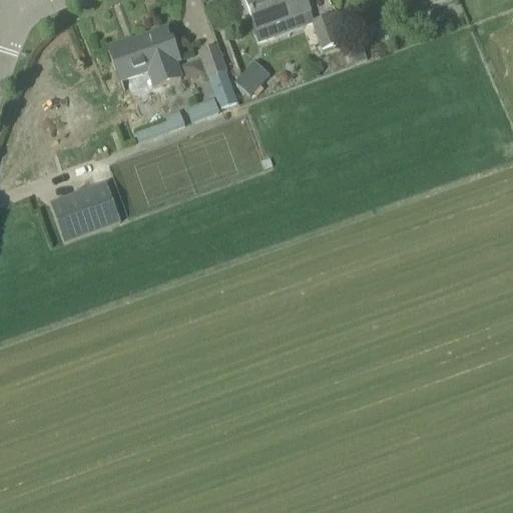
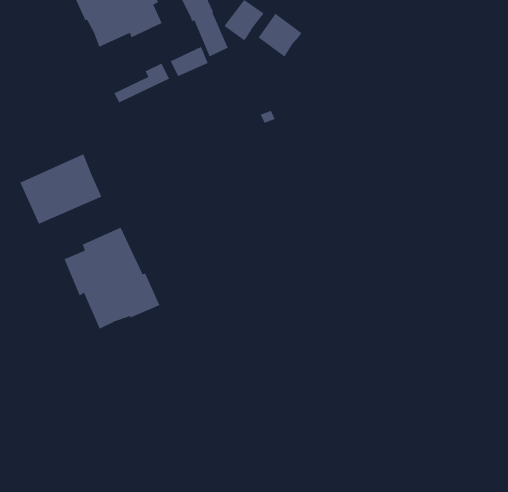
building: none -> [258,13,302,57]
building: none -> [64,227,160,330]

